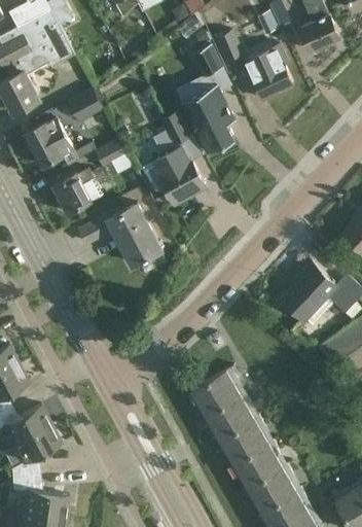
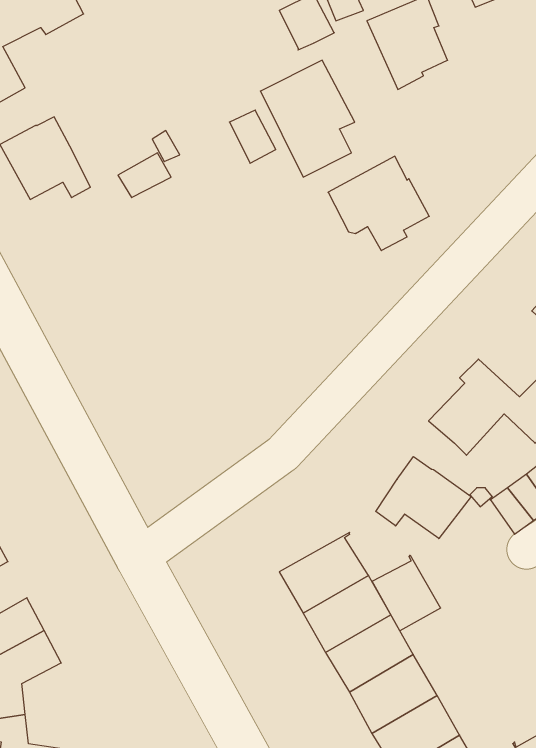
building: [69,89,102,120] -> none
building: [141,147,202,204] -> [328,156,429,251]
building: [51,169,102,214] -> none
building: [78,204,159,265] -> none
building: none -> [376,457,471,539]
building: none -> [372,555,441,631]

